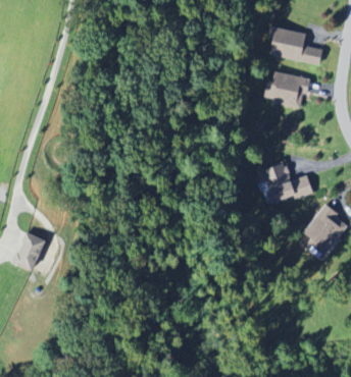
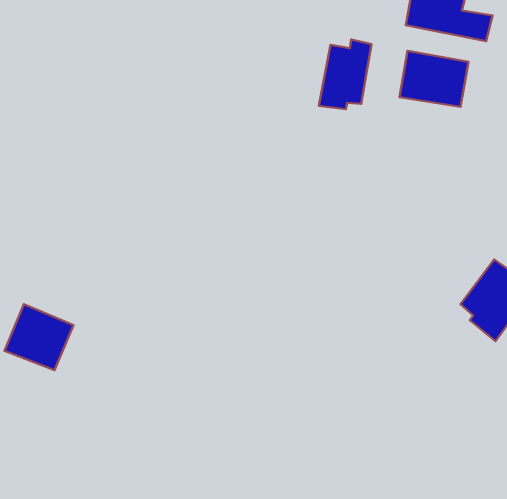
building: none -> [319,39,372,109]
building: [255,160,312,205] -> none

